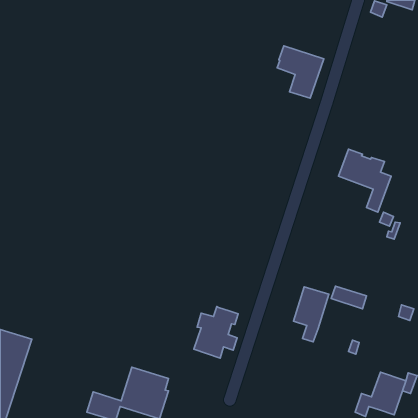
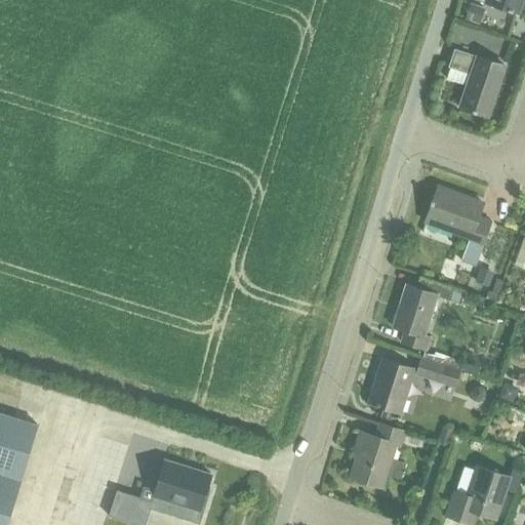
building: [277,46,324,98] -> [444,50,502,116]
building: none -> [391,276,465,350]
building: [194,307,238,358] -> [349,423,404,488]

